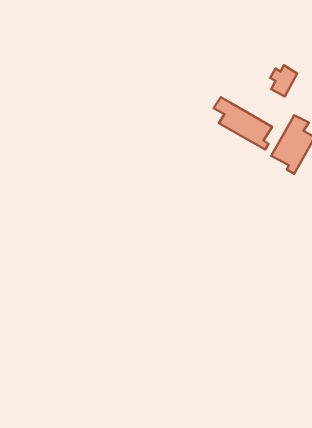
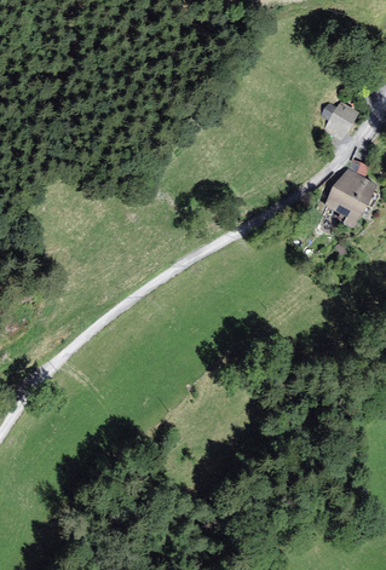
building: [213,97,272,150] -> none

